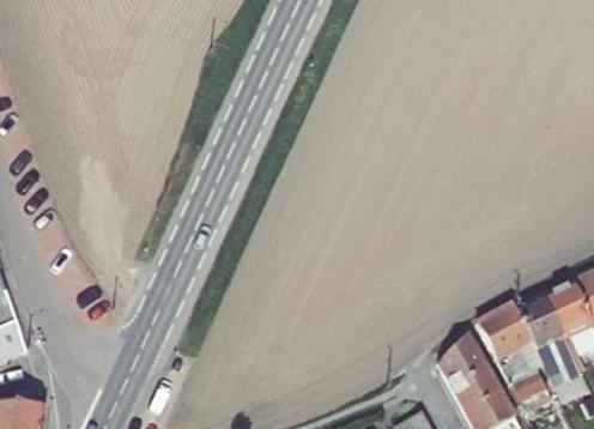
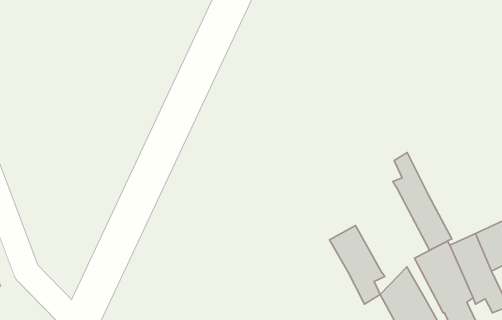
building: none -> [393,153,452,250]
building: none -> [329,226,385,304]

